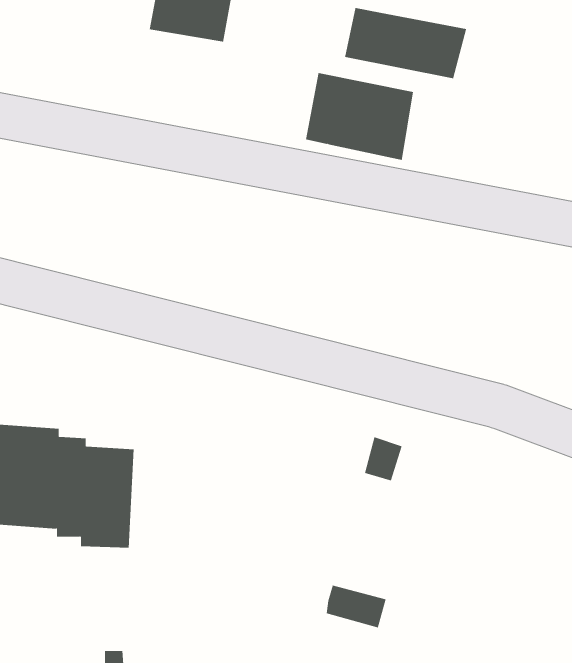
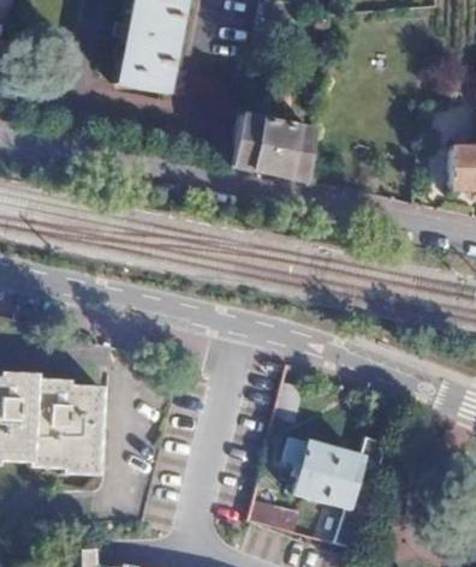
building: [344,7,467,79] -> none
building: none -> [284,434,385,553]

